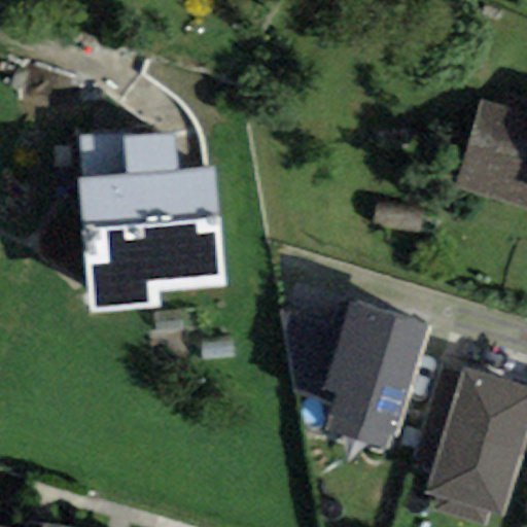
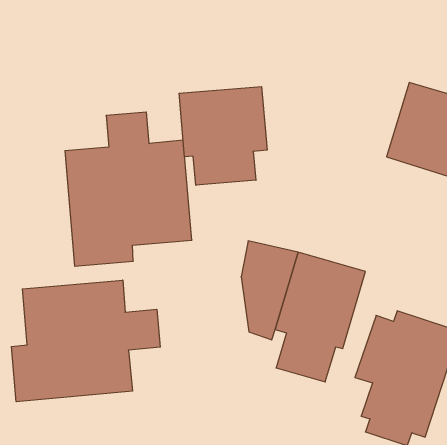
building: none -> [179,87,267,185]
building: none -> [11,280,160,402]

